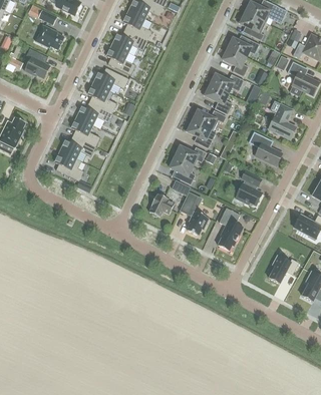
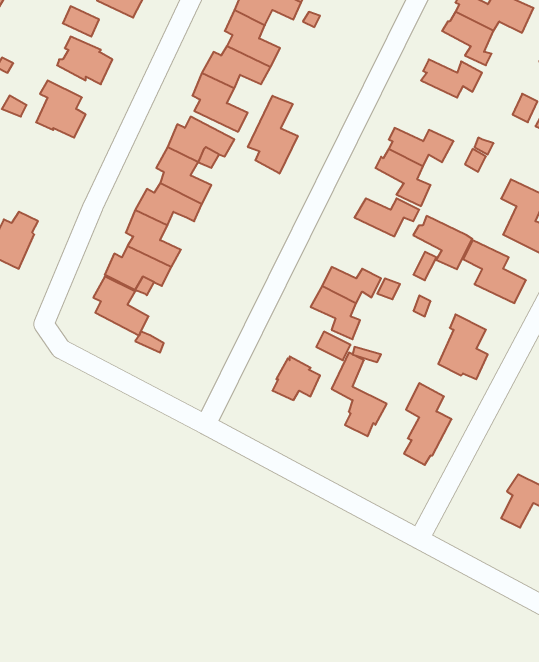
building: [221,47,247,75] -> none
building: none -> [248,96,298,174]
building: [184,119,215,147] -> [413,216,472,269]

